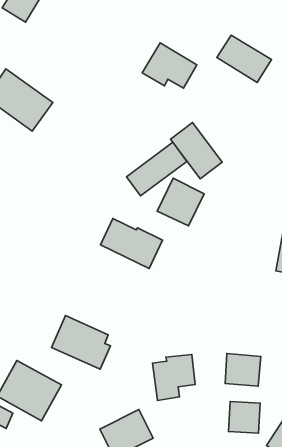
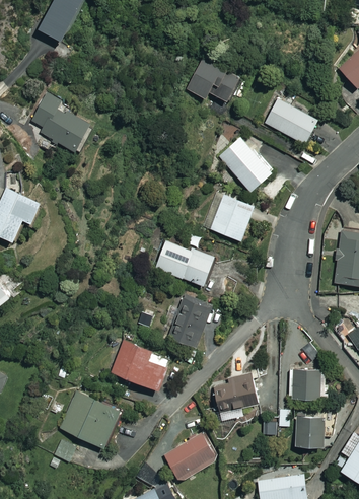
building: [217,35,272,83] -> [263,97,318,144]
building: [127,142,187,196] -> none
building: none -> [165,294,213,348]

